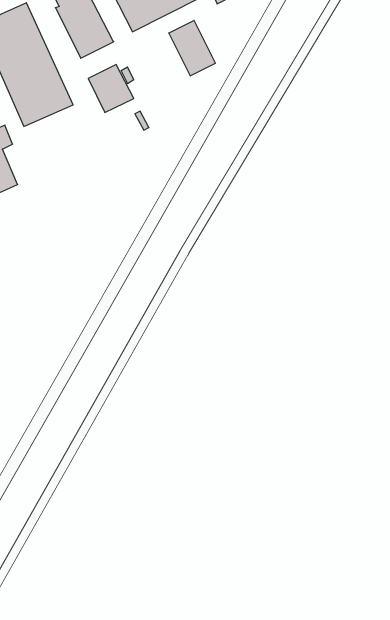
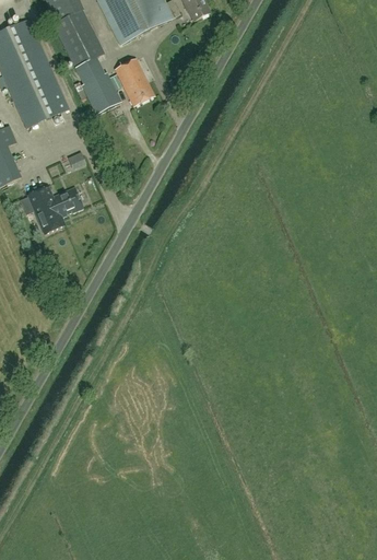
building: [169,20,215,76] -> [114,57,154,105]
building: none -> [27,186,82,233]

